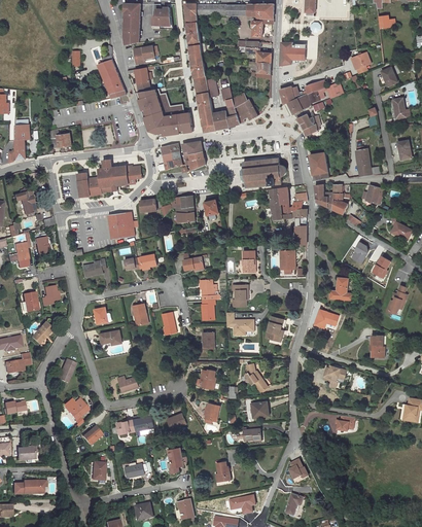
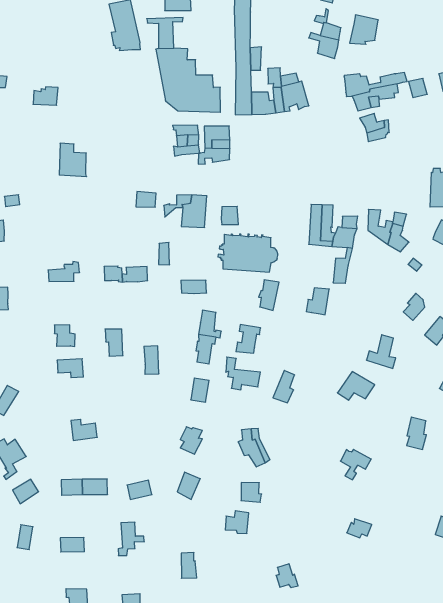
building: [308,151,326,180] -> none
building: [240,156,284,186] -> [218,234,278,272]
building: [96,165,140,192] -> none
building: [107,212,133,239] -> none

